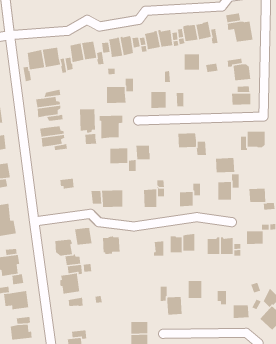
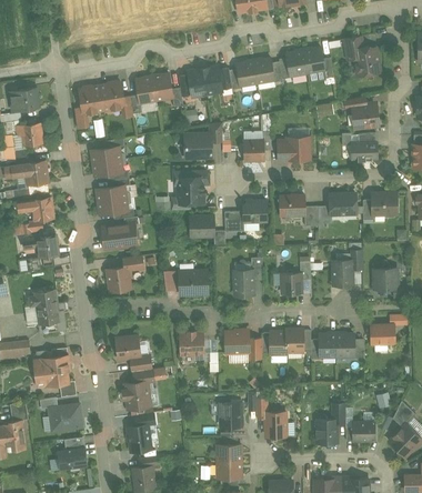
building: [184,54,200,70] -> [288,137,309,159]
building: [79,108,96,134] -> none
building: none -> [242,199,265,222]
building: none -> [101,223,137,249]
building: [215,157,235,173] -> [329,193,355,214]
building: [74,227,93,246] -> [105,266,130,291]
building: none -> [224,331,249,353]
building: [188,280,202,299] -> [316,419,335,443]
building: none -> [219,402,241,425]
building: none -> [127,424,150,451]

